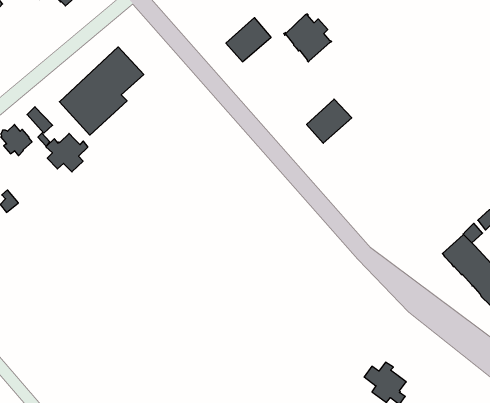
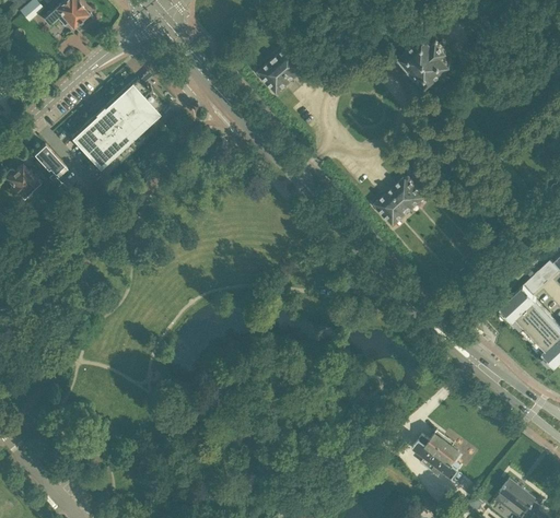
building: [284,14,332,62] -> [396,36,450,90]
building: [307,99,352,143] -> [373,177,423,226]
building: [46,133,88,172] -> none

